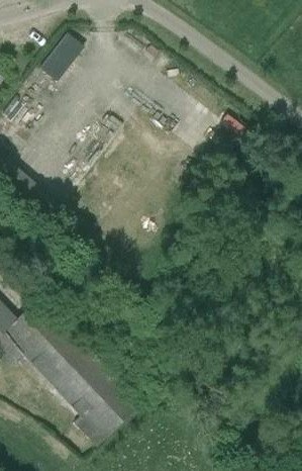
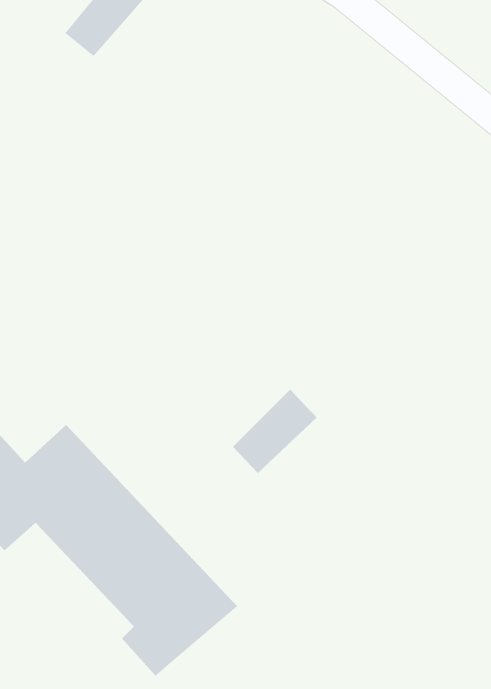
building: none -> [232,389,318,474]

